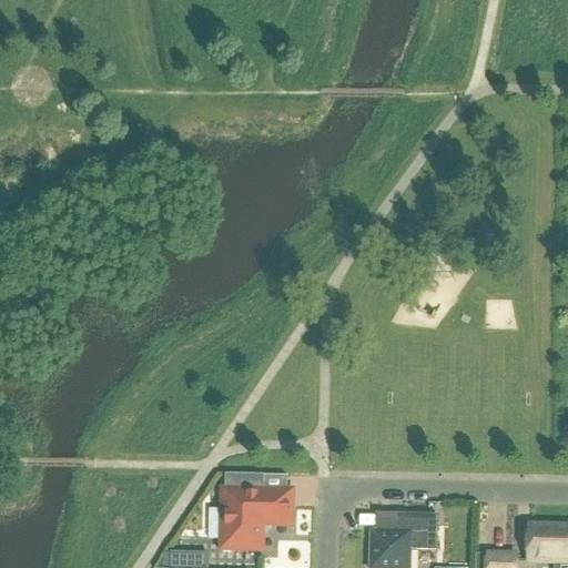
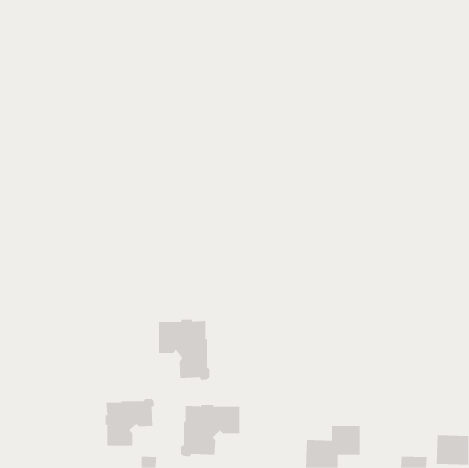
building: none -> [159,319,210,381]
building: none -> [105,398,155,446]

